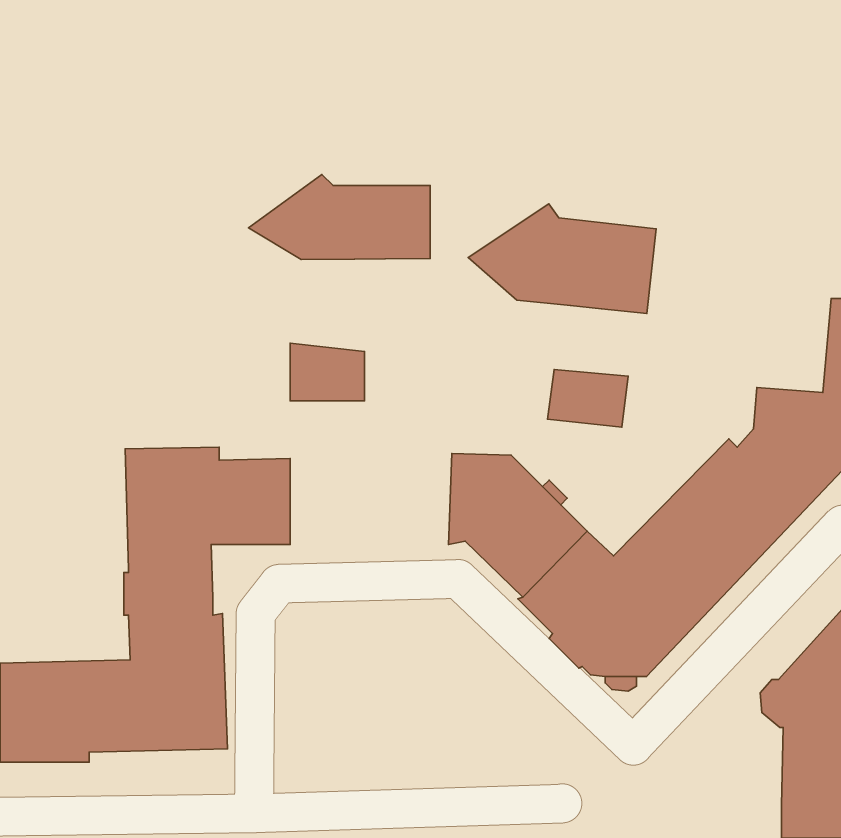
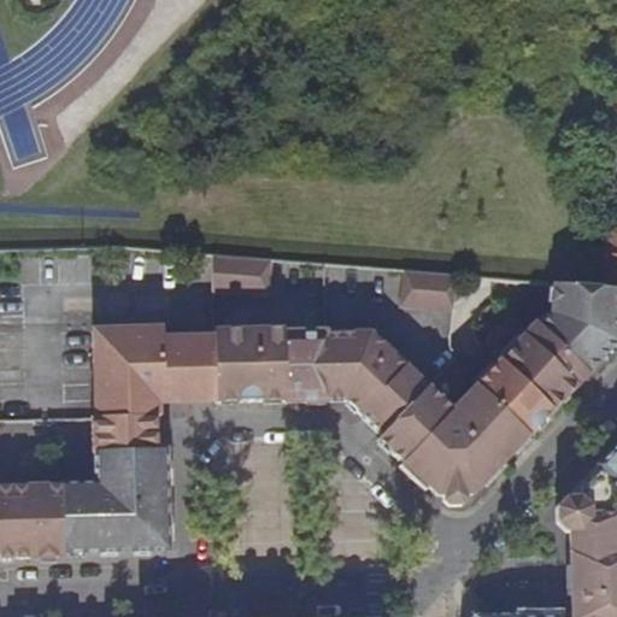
building: [248,174,430,260] -> none
building: [468,204,656,313] -> none
building: none -> [213,327,331,398]

